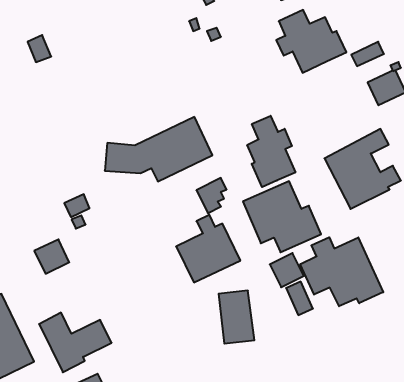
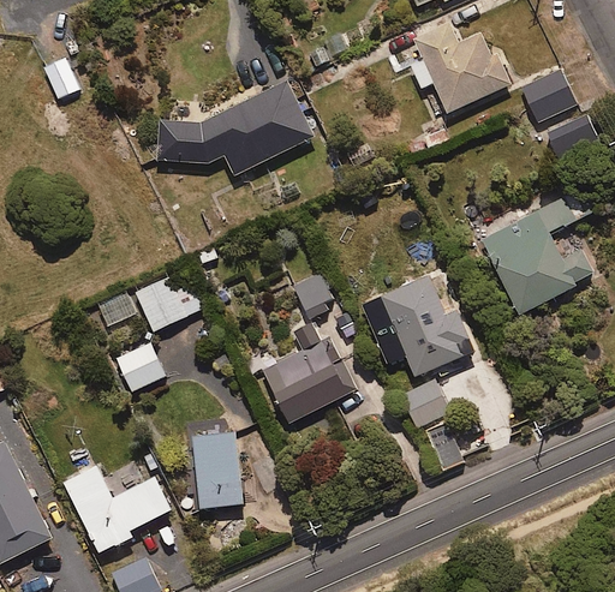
building: [247,116,295,187] -> none
building: [105,117,212,181] -> [156,79,315,174]
building: none -> [133,275,187,331]
building: [300,237,383,306] -> none
building: [34,239,69,274] -> [114,341,166,391]
building: [219,291,254,344] -> [192,430,245,508]

